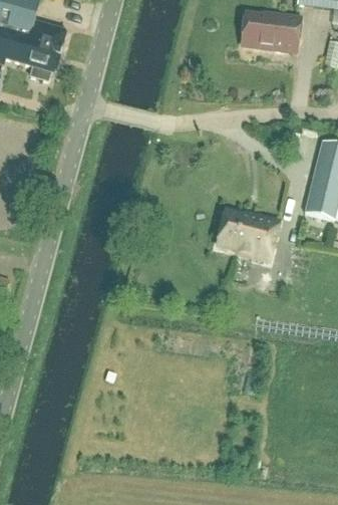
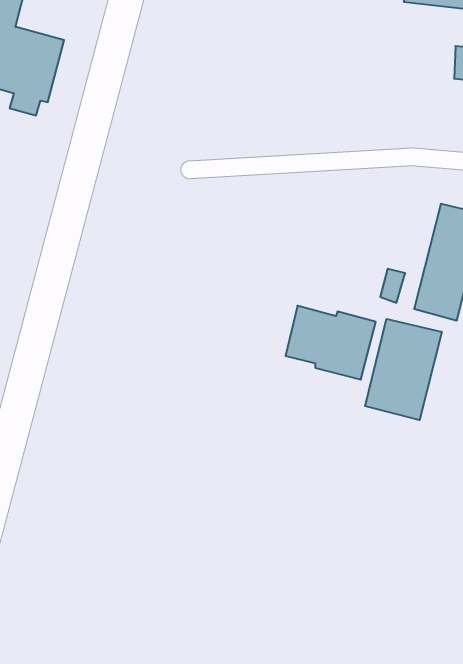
building: [241,11,301,52] -> none
building: none -> [365,319,442,420]

